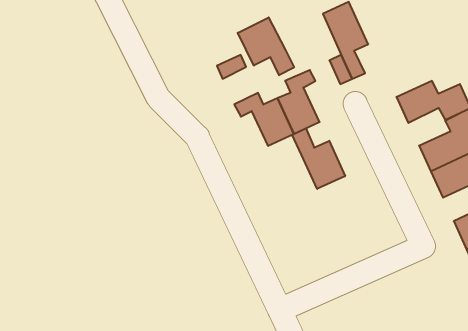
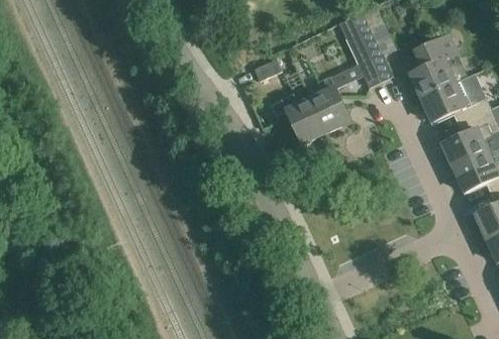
building: [238,17,294,75] -> none
building: none -> [409,35,467,98]
building: [292,128,345,189] -> none

